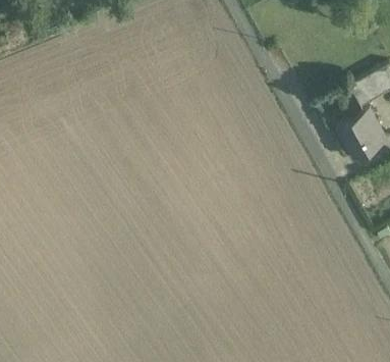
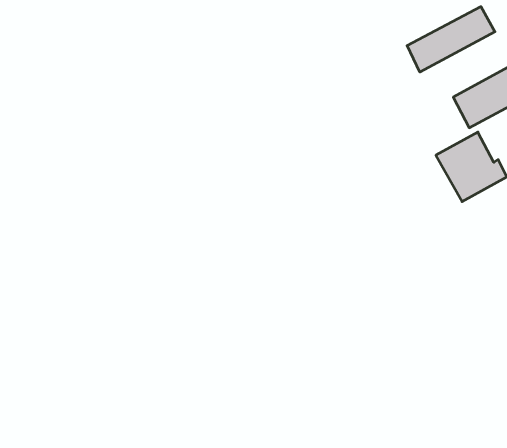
building: none -> [407,7,495,72]

